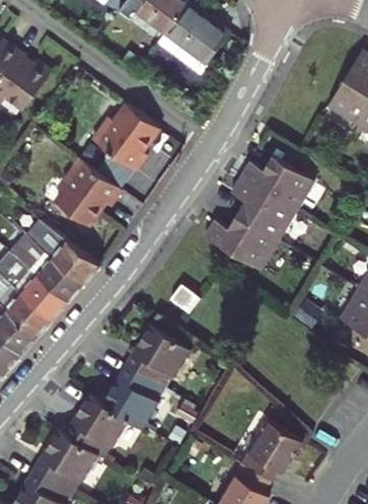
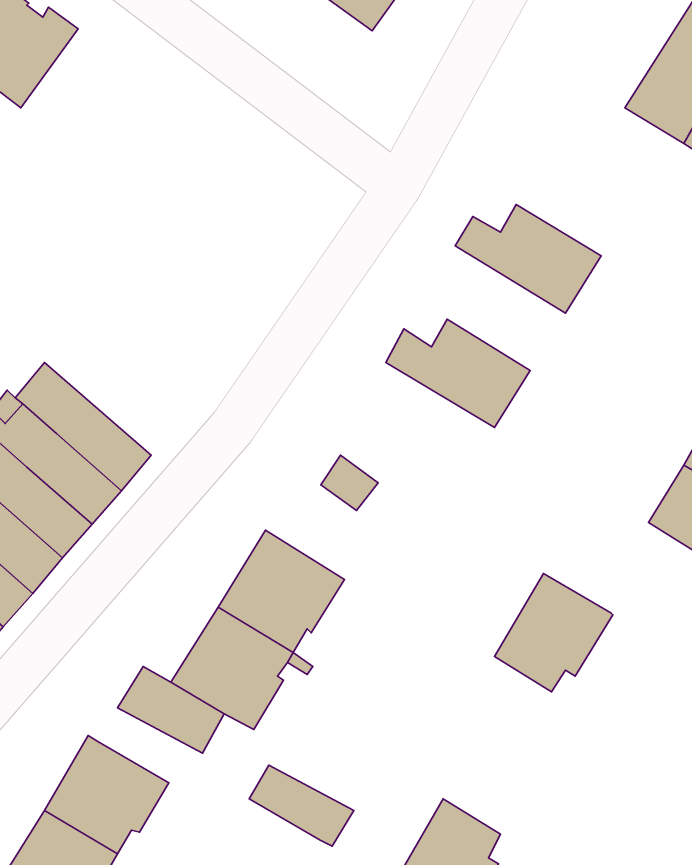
building: [93,105,161,173] -> none
building: [56,160,124,228] -> none
building: [232,178,298,242] -> none
building: [30,223,102,286] -> none
building: [58,416,112,457] -> [249,765,354,846]
building: [235,420,296,481] -> [494,573,613,692]

